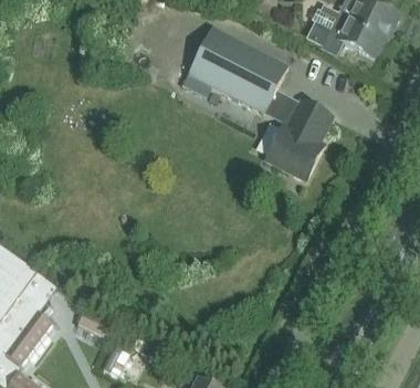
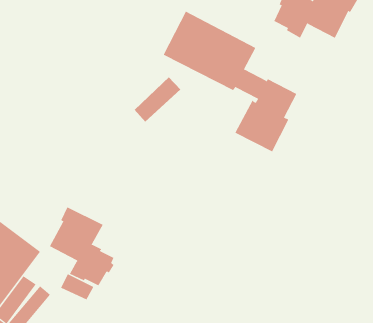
building: none -> [134,77,181,123]
building: none -> [49,206,115,286]

